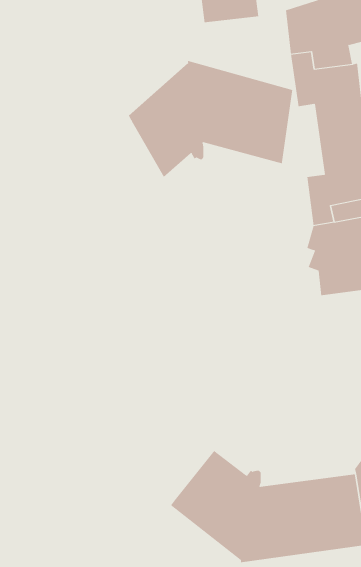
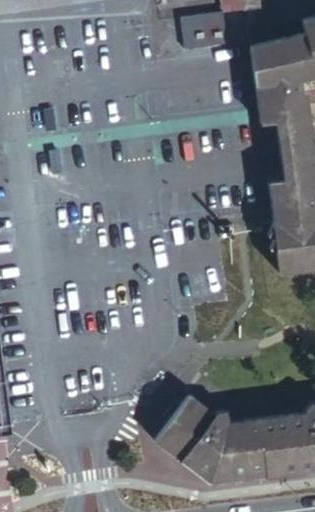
building: [128,60,293,178] -> none

